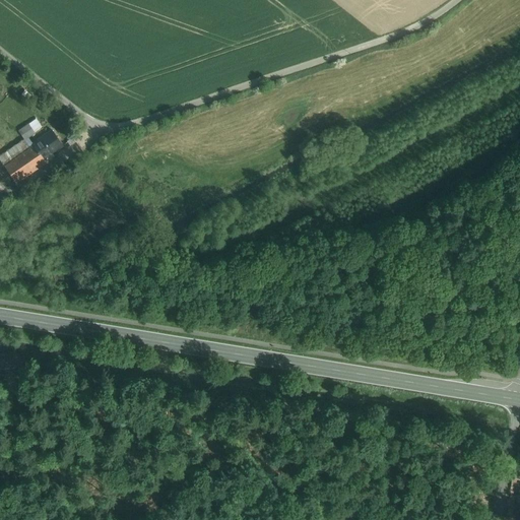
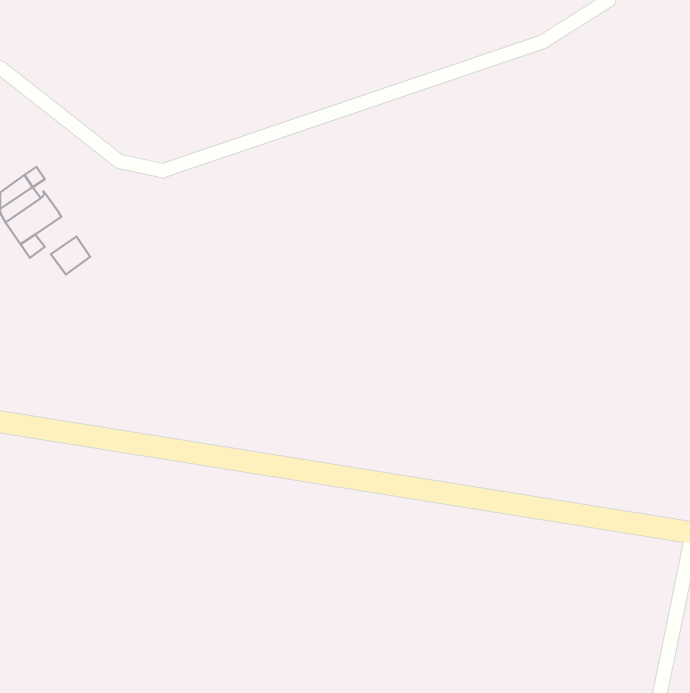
building: [35,130,64,158] -> [51,237,90,274]

